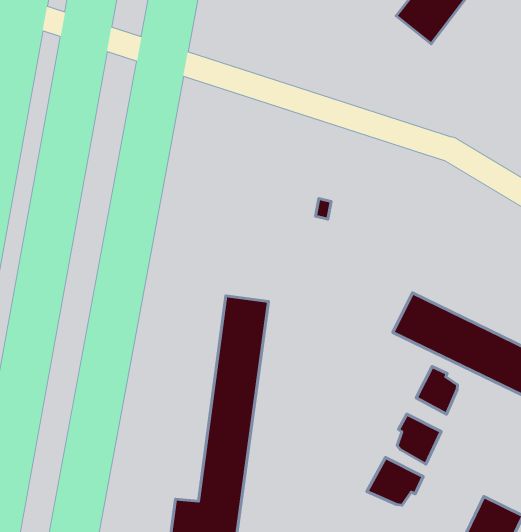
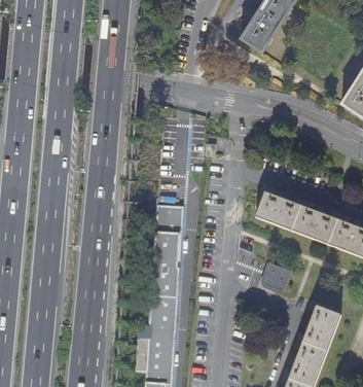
building: [416,366,457,414] -> none
building: [367,457,423,505] -> none

